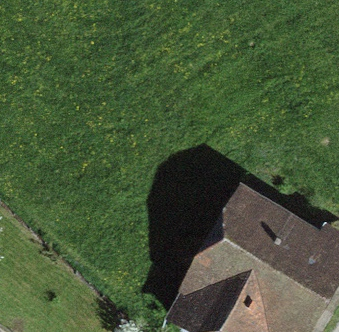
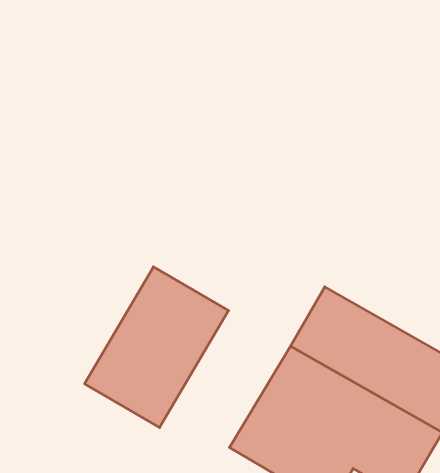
building: none -> [85,267,229,428]

